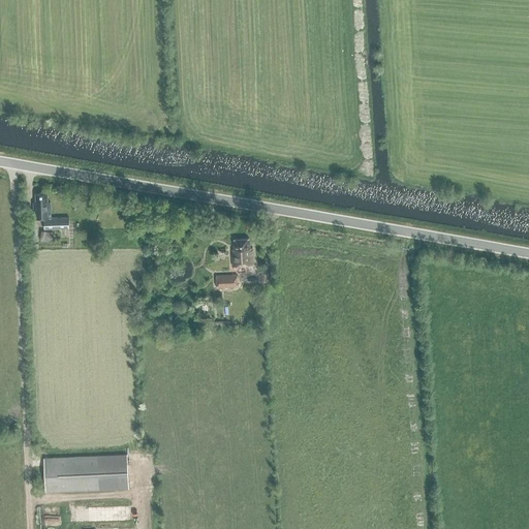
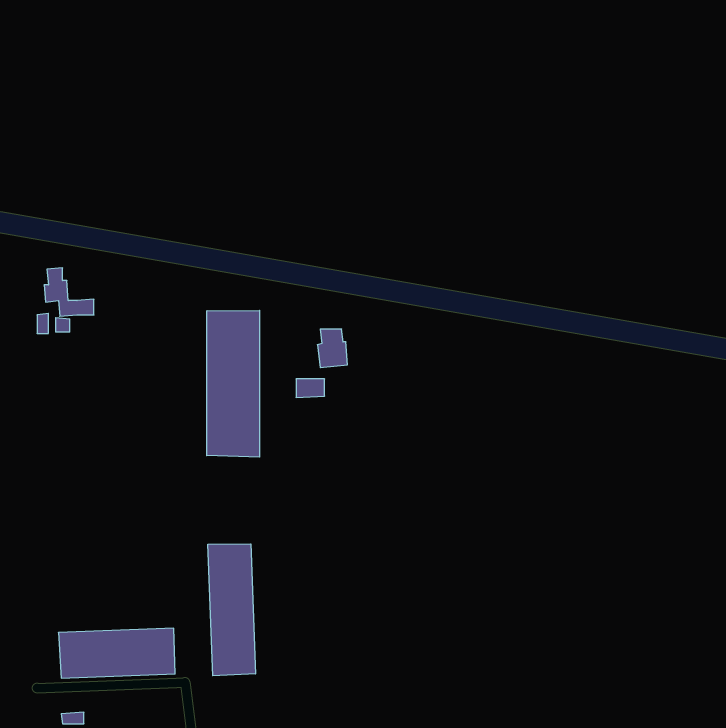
building: none -> [207,310,260,457]
building: none -> [208,544,255,676]

